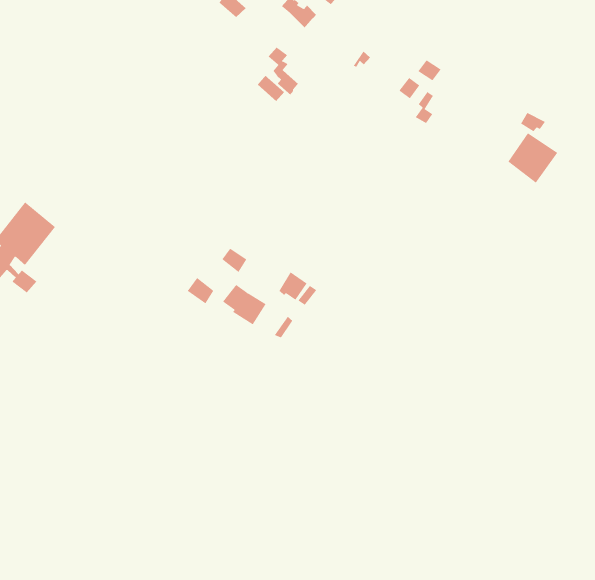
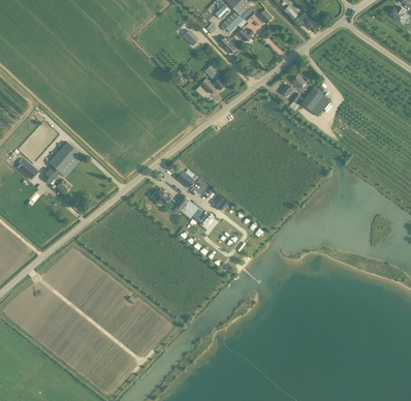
building: [507,133,558,184] -> [301,87,329,116]

